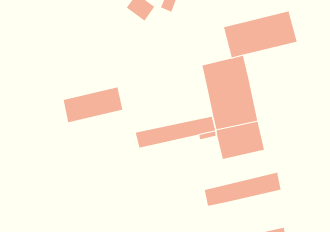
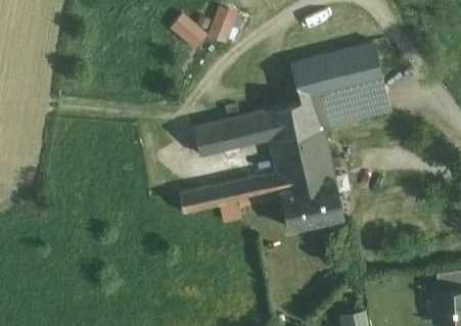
building: none -> [315,82,389,128]
building: [63,87,123,123] -> [193,112,269,157]
building: [204,172,281,207] -> none

